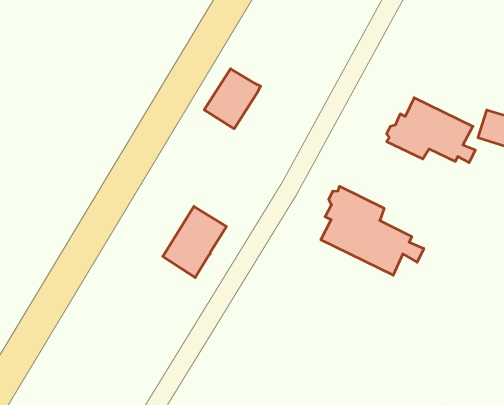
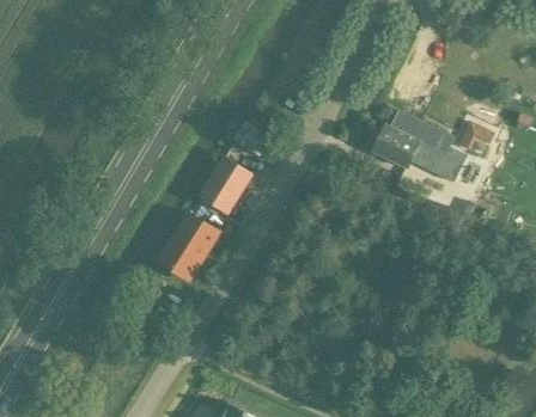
building: [204,69,261,129] -> [200,157,254,214]
building: [321,186,424,275] -> none

